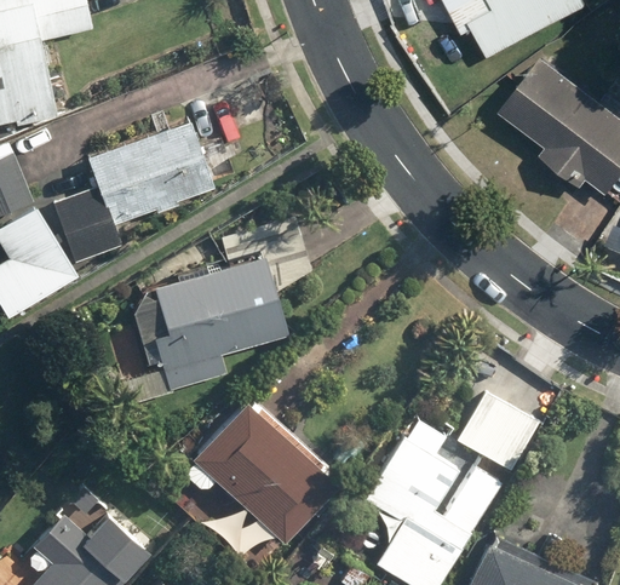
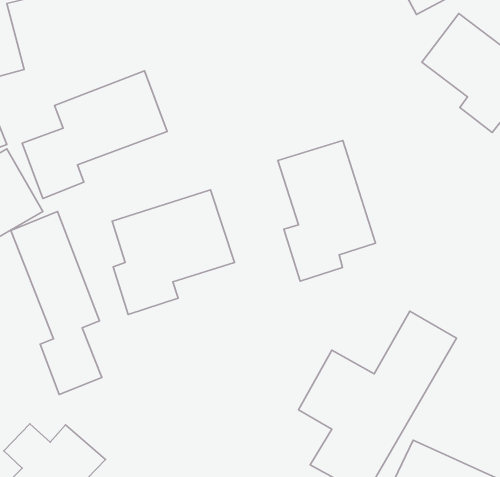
building: none -> [278,141,376,281]
building: none -> [11,212,102,395]
building: [188,398,335,543] -> none

